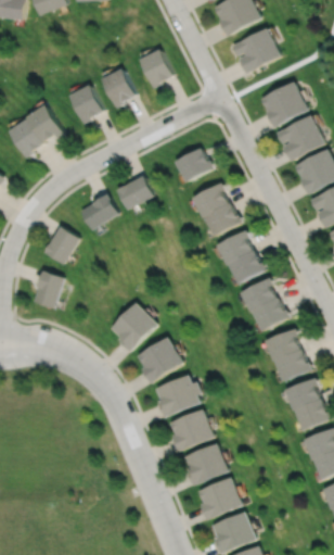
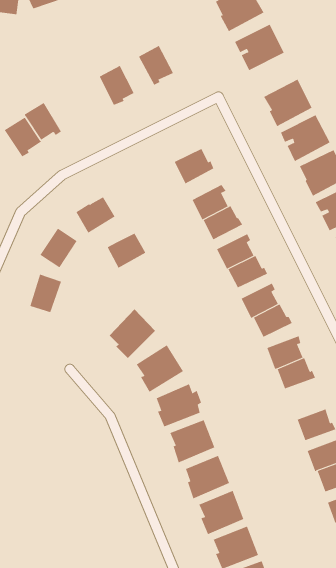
building: [68,83,103,122] -> none
building: [115,175,153,210] -> [107,233,146,269]
building: [283,378,319,411] -> none

